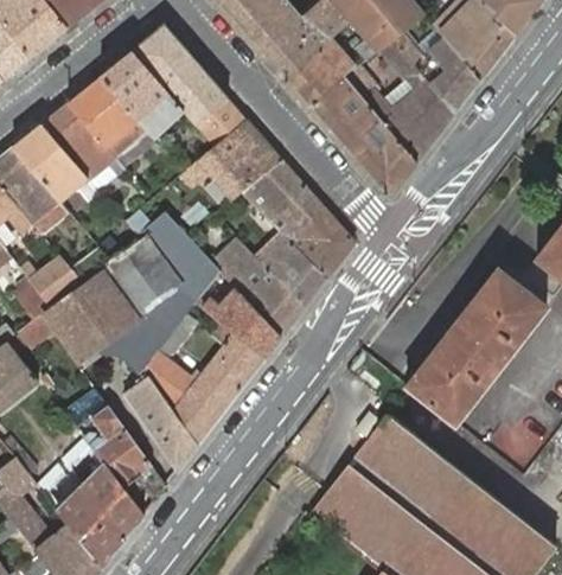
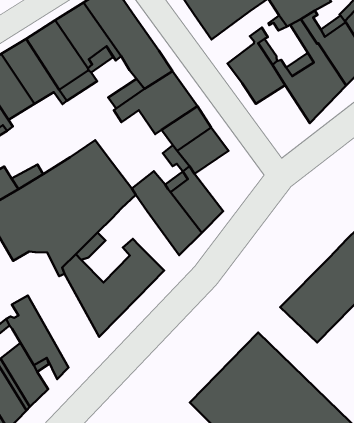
building: [289,38,347,103] -> none
building: [351,121,417,194] -> none
building: [288,206,356,279] -> none
building: [197,289,281,357] -> none
building: [123,375,198,469] -> none

